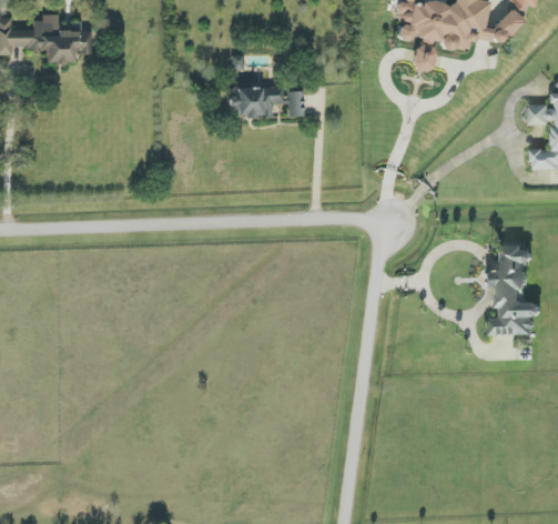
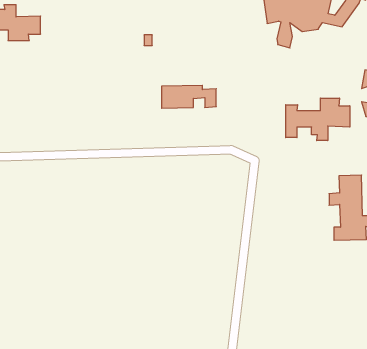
building: [229,85,303,117] -> [162,85,216,108]
building: none -> [286,98,350,141]

